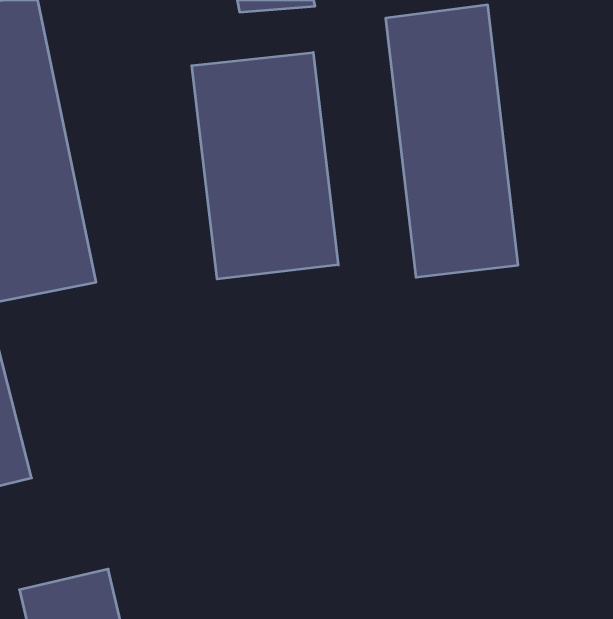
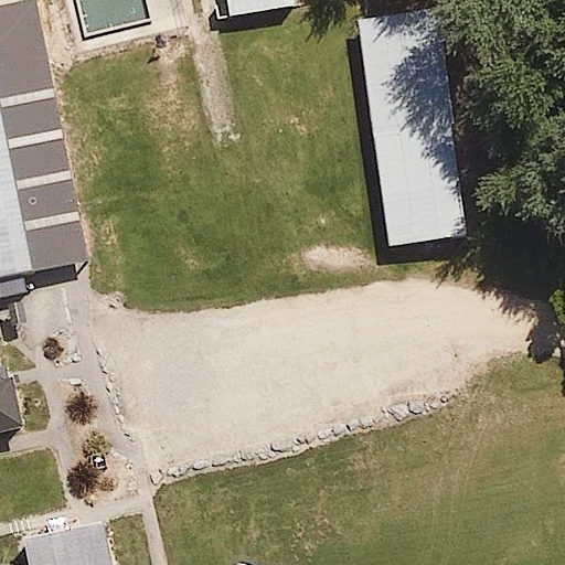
building: [192,52,338,279] -> none

